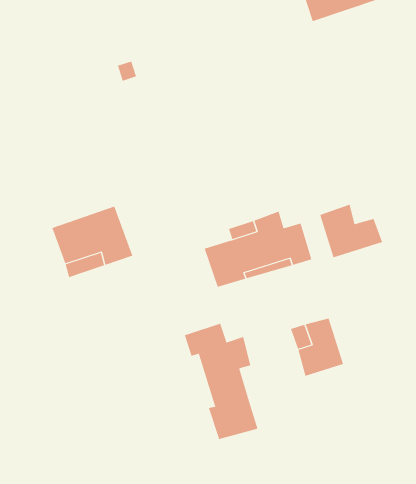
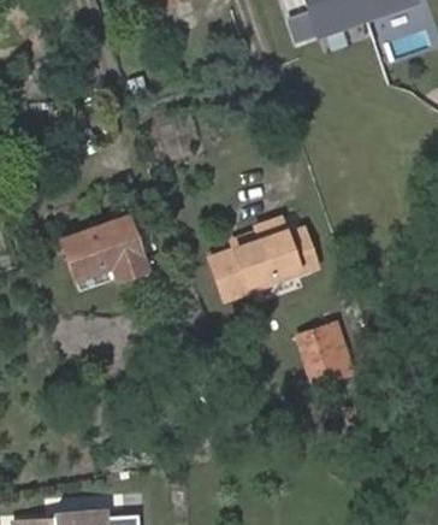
building: [320,204,383,258] -> none
building: [184,323,258,440] -> none

